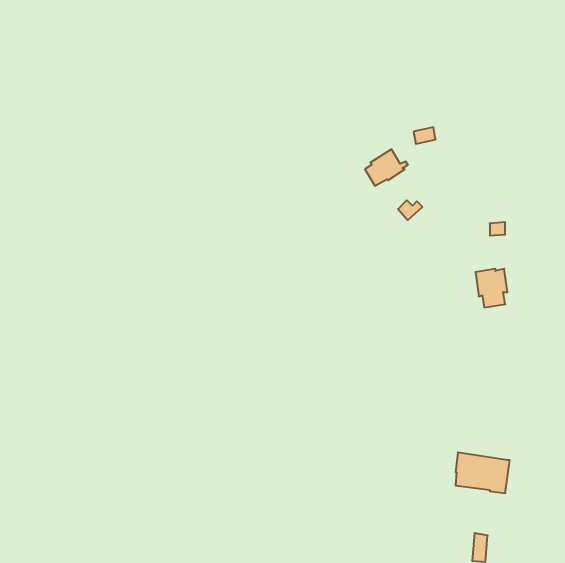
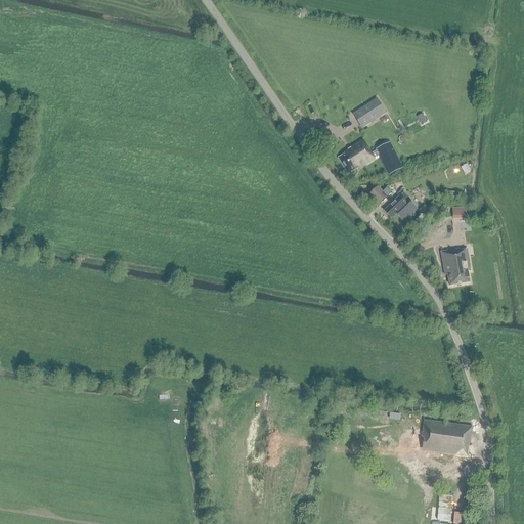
building: none -> [353,98,384,126]
building: none -> [376,141,402,173]
building: none -> [384,192,420,223]

